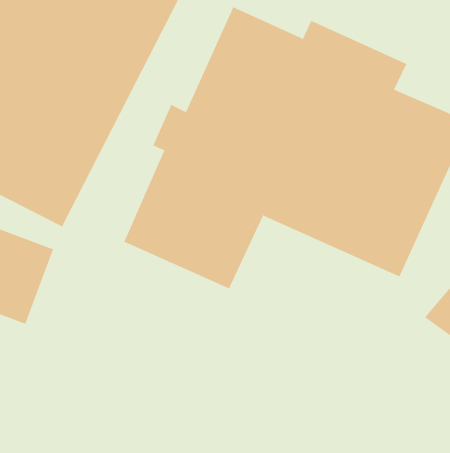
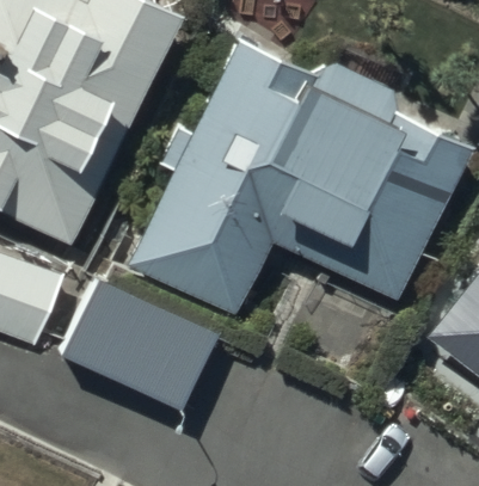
building: none -> [61,283,214,413]

